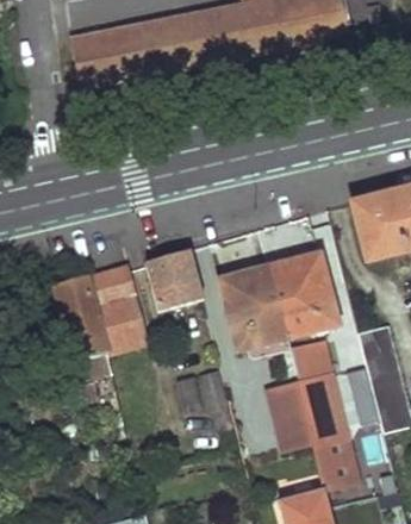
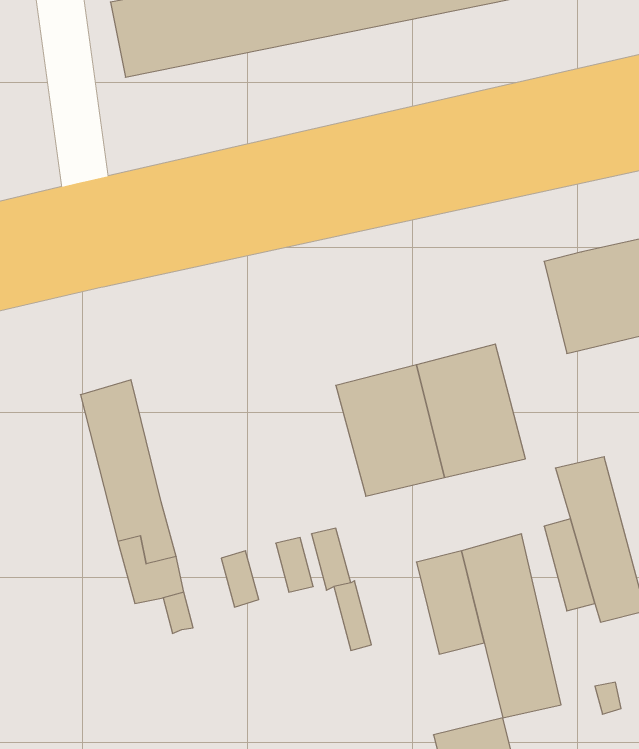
building: [144,249,201,311] -> none
building: [86,266,148,354] -> none
building: [292,337,334,381] -> none

